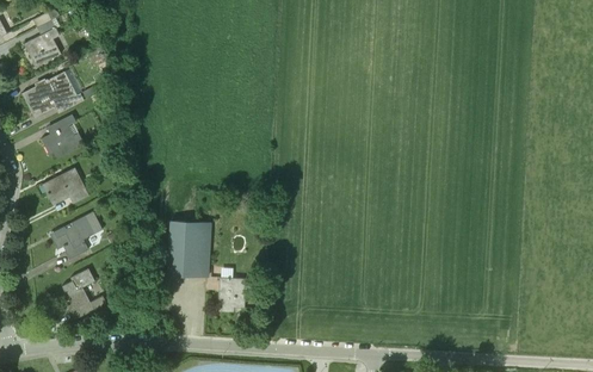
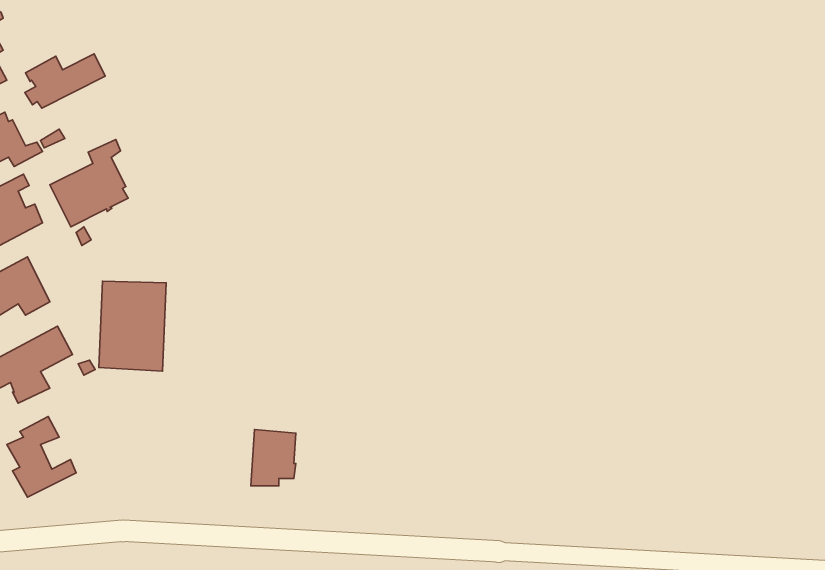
building: none -> [25,54,105,108]
building: none -> [50,139,128,227]
building: [168,219,211,277] -> [99,281,166,371]

